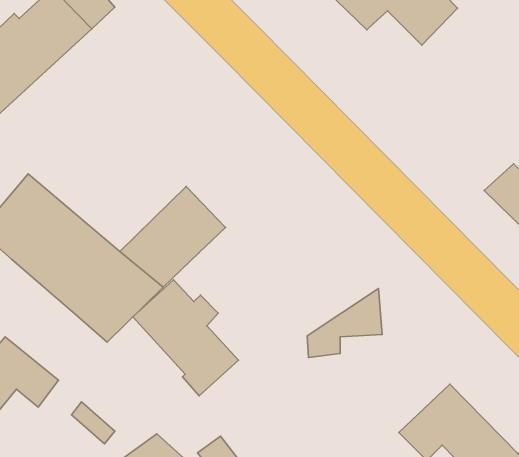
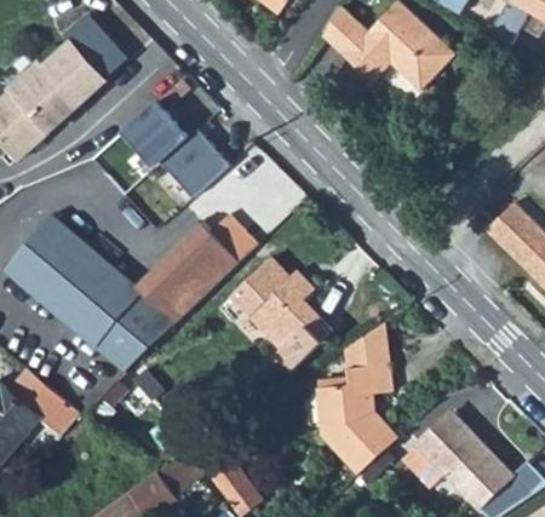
building: none -> [119,102,226,197]
building: none -> [208,216,257,264]
building: [133,280,239,396] -> [231,258,332,368]
building: none -> [316,366,395,472]

